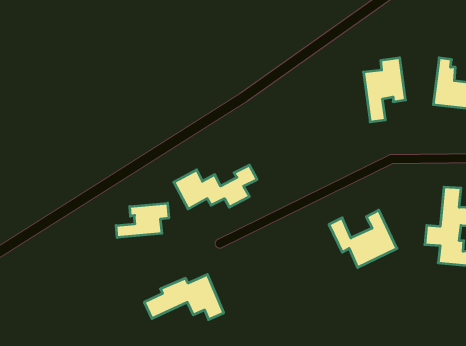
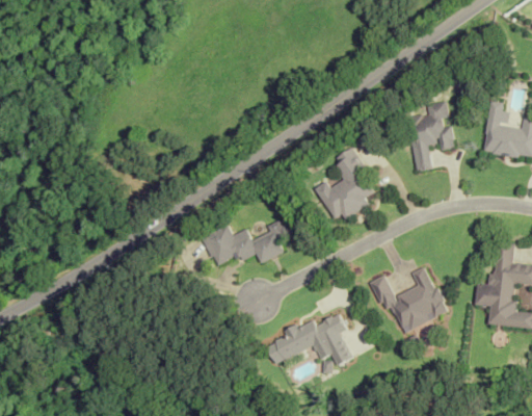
building: none -> [315,147,373,223]
building: [116,203,169,238] -> none
building: [144,274,224,320] -> [267,315,353,364]

